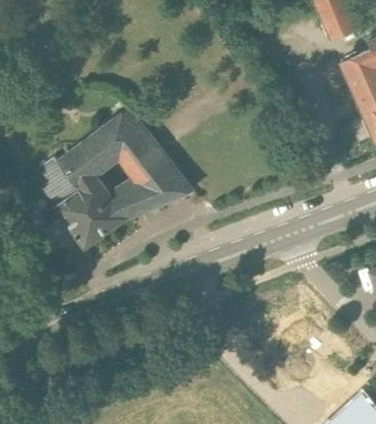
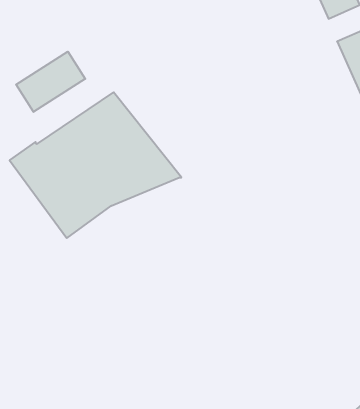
building: none -> [16,52,85,112]

